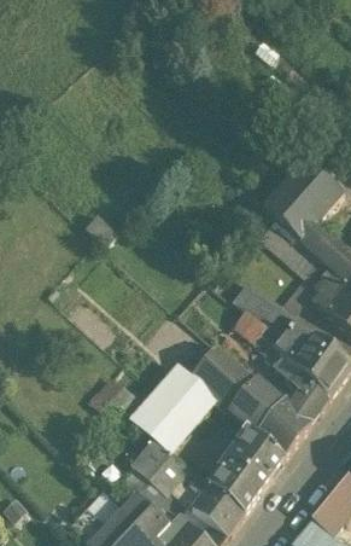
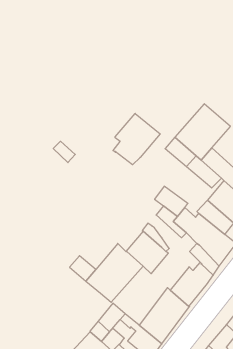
building: none -> [113,113,160,165]
building: [228,376,283,434] -> none
building: [131,438,171,480] -> none

